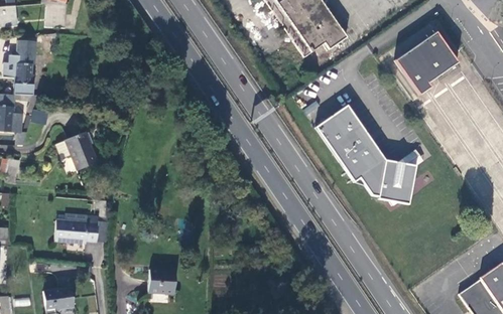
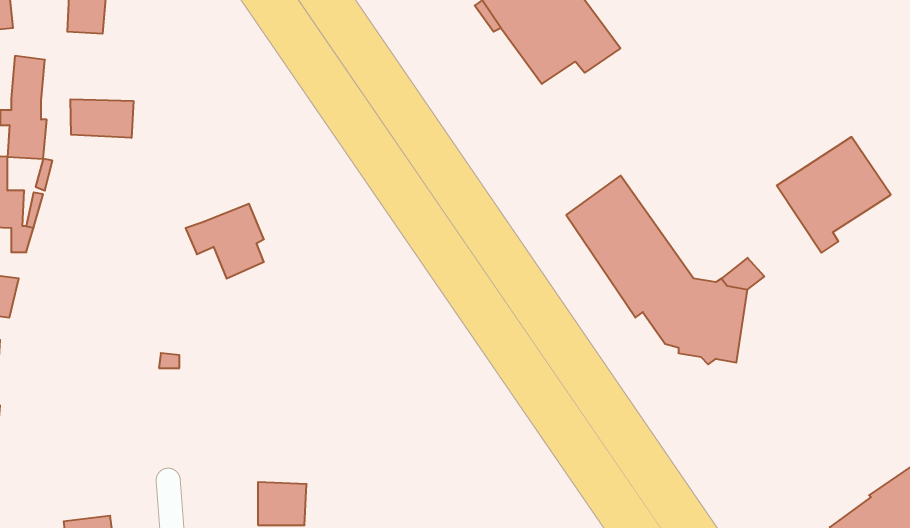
building: [395,32,457,95] -> [777,137,891,253]
building: none -> [70,99,133,138]
building: [56,129,99,169] -> [186,204,264,279]
building: [56,213,100,244] -> none

